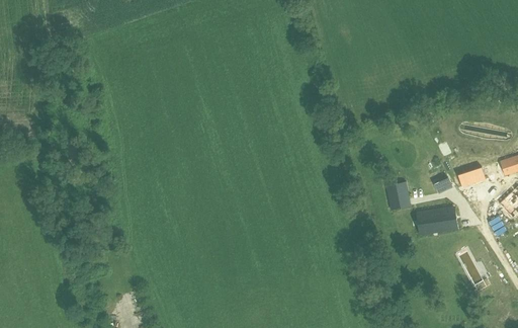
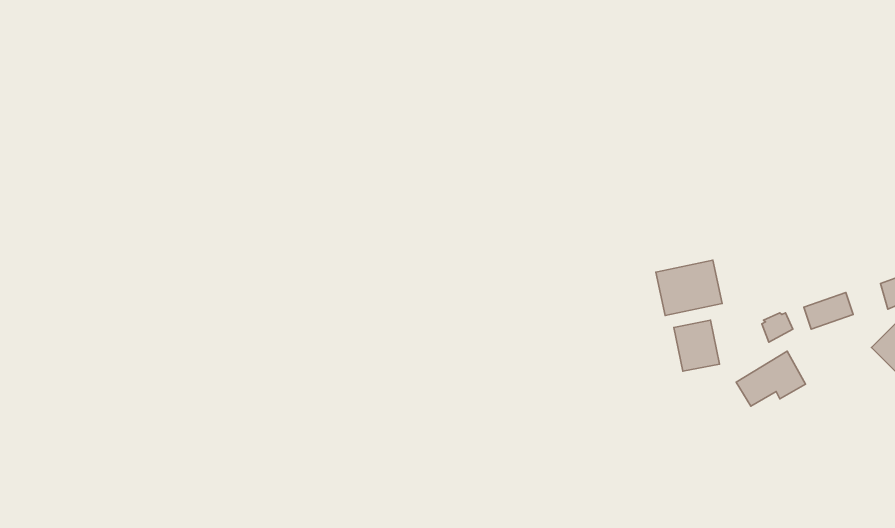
building: none -> [656,260,722,315]

